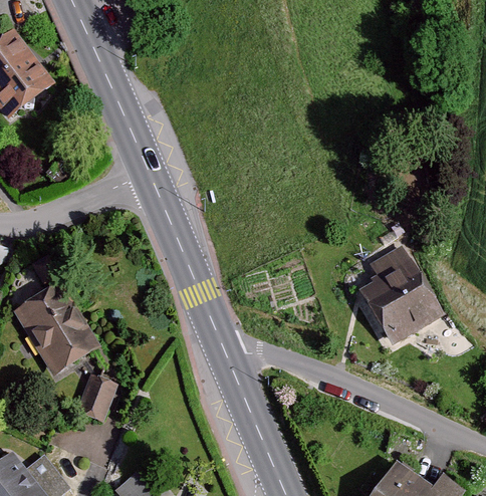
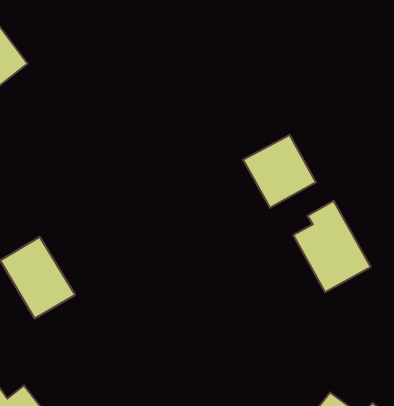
building: none -> [243,135,316,208]
building: [77,375,113,419] -> none

